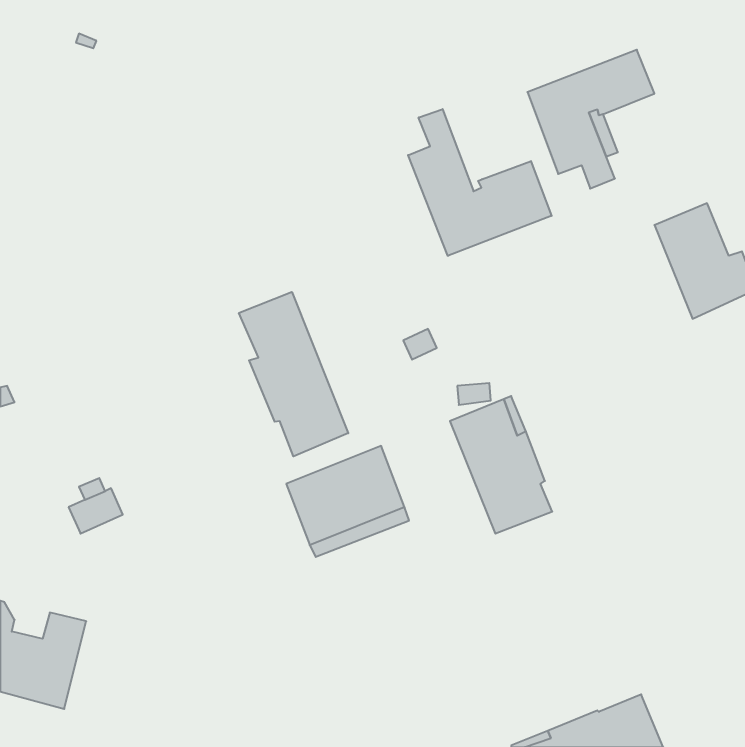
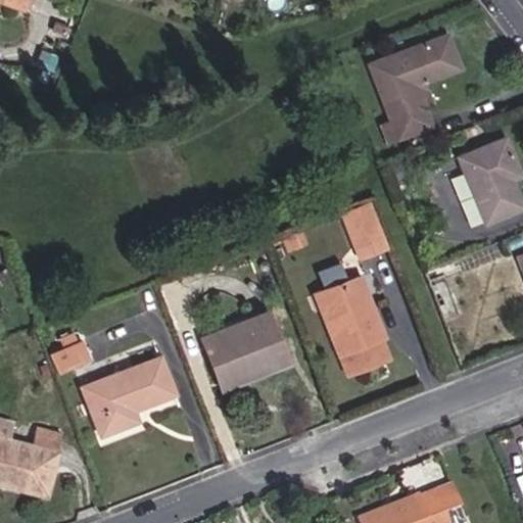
building: [408,109,552,256] -> none
building: [239,292,348,456] -> none
building: none -> [343,204,385,257]
building: none -> [82,358,174,434]

